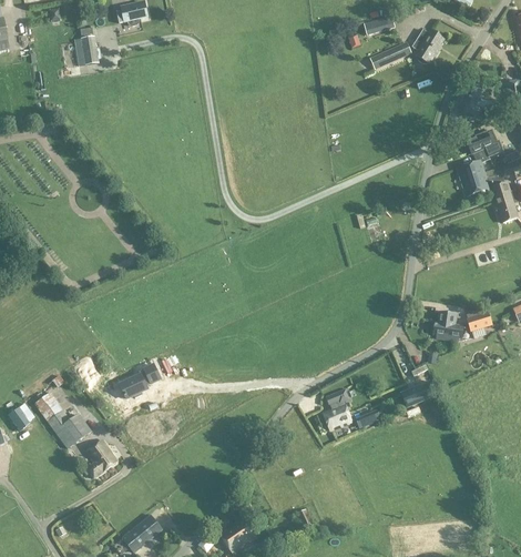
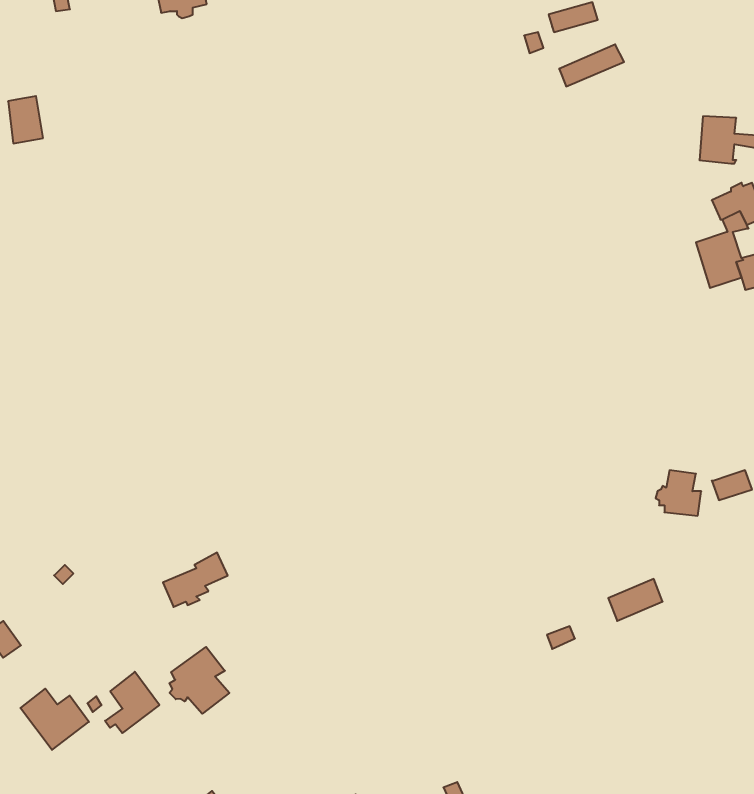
building: [412,28,446,62] -> none
building: [75,34,98,64] -> [8,96,43,143]
building: [323,392,353,429] -> none
building: [48,408,91,447] -> [20,689,89,750]
building: none -> [169,647,229,714]

